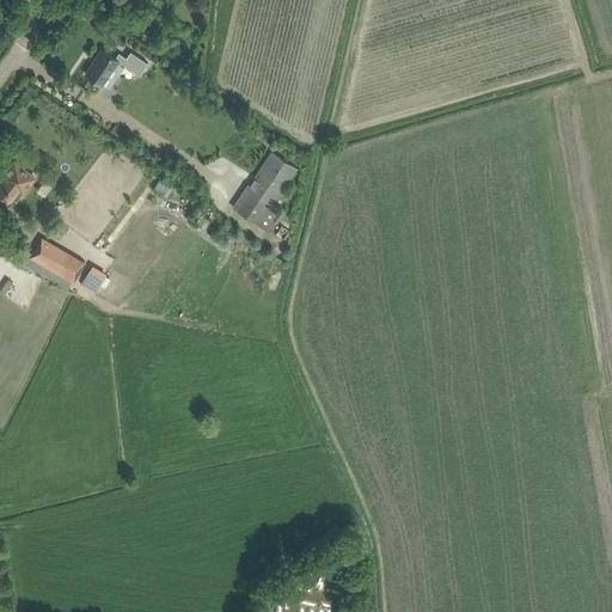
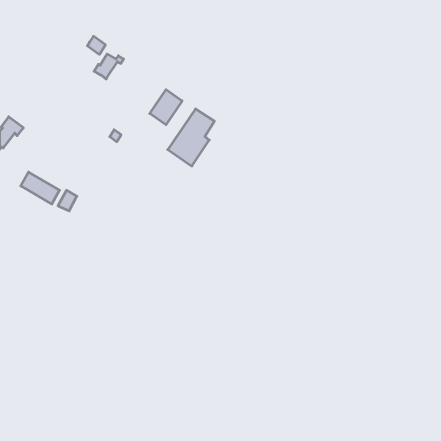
building: [84,51,124,86] -> [94,54,124,79]
building: none -> [150,90,182,125]

